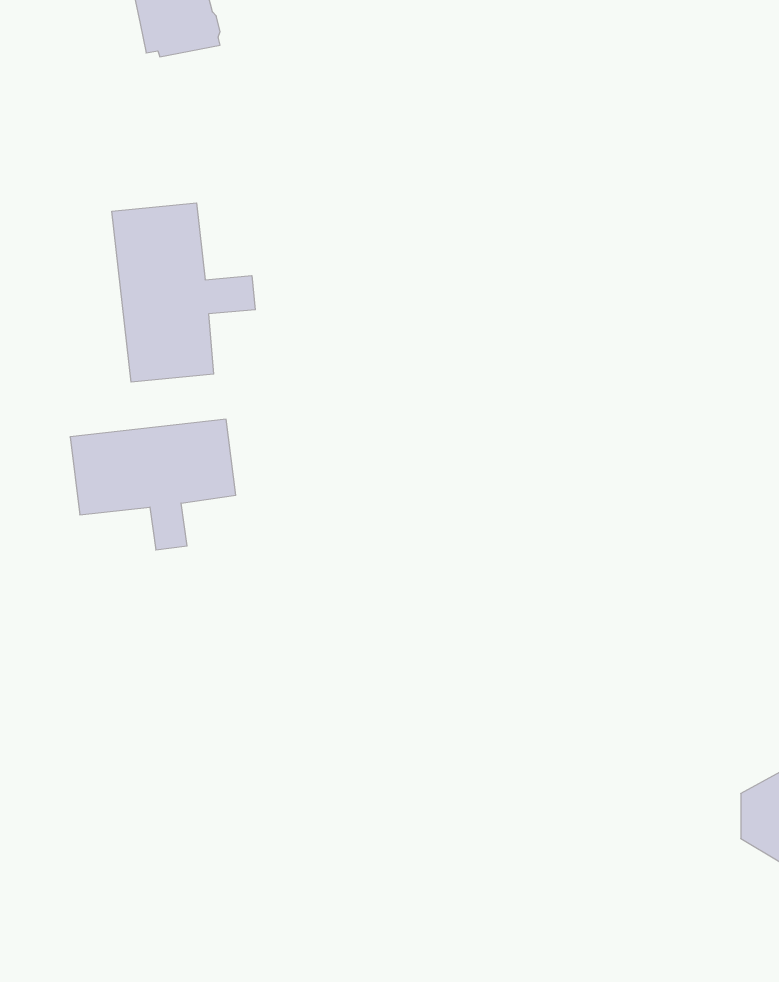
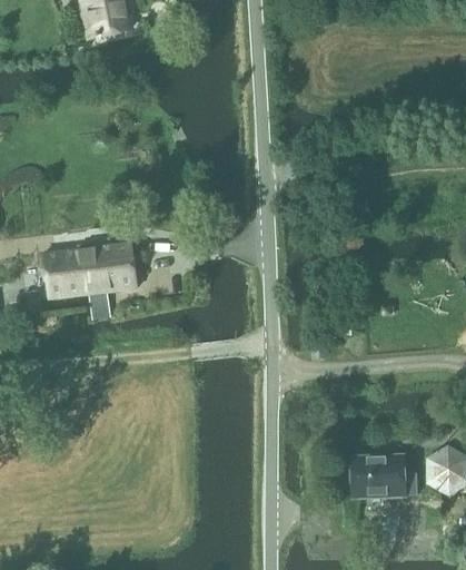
building: [112,203,255,382] -> none
building: none -> [350,453,417,497]

